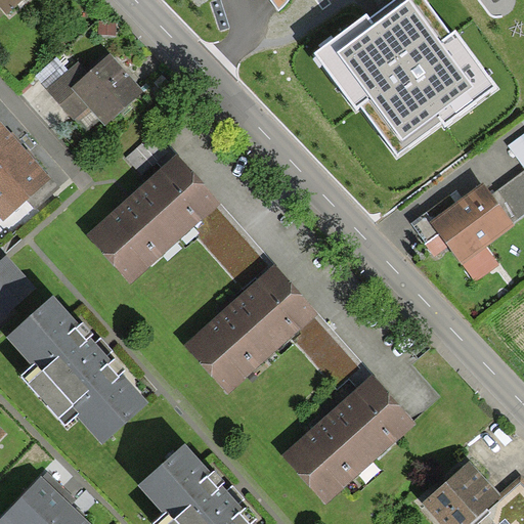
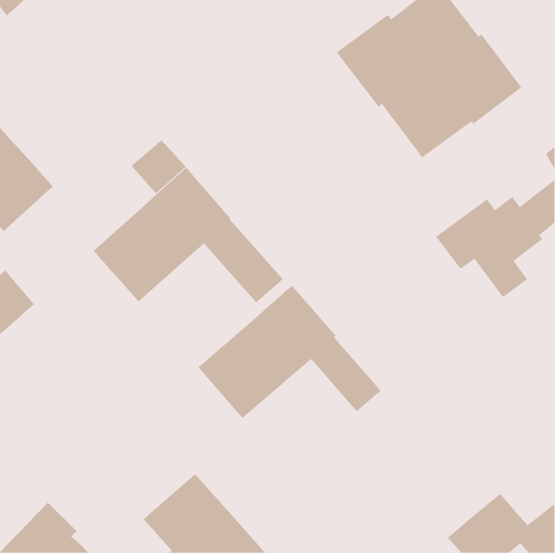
building: [35,53,140,125] -> none
building: [5,296,151,450] -> none
building: [281,376,417,505] -> none

